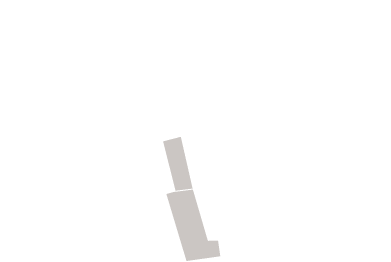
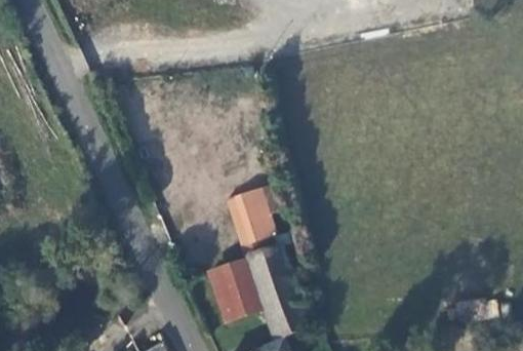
building: none -> [203,256,259,318]

